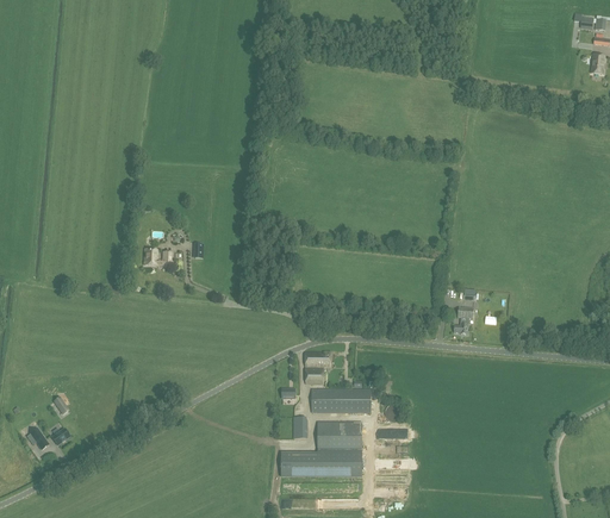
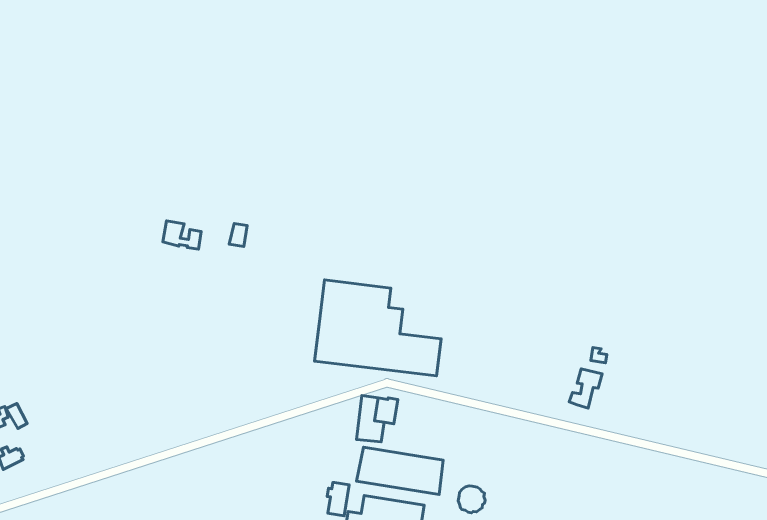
building: none -> [315,280,441,376]

